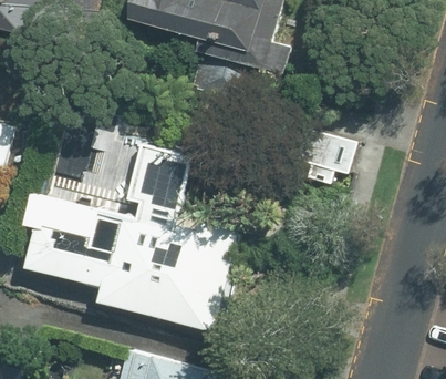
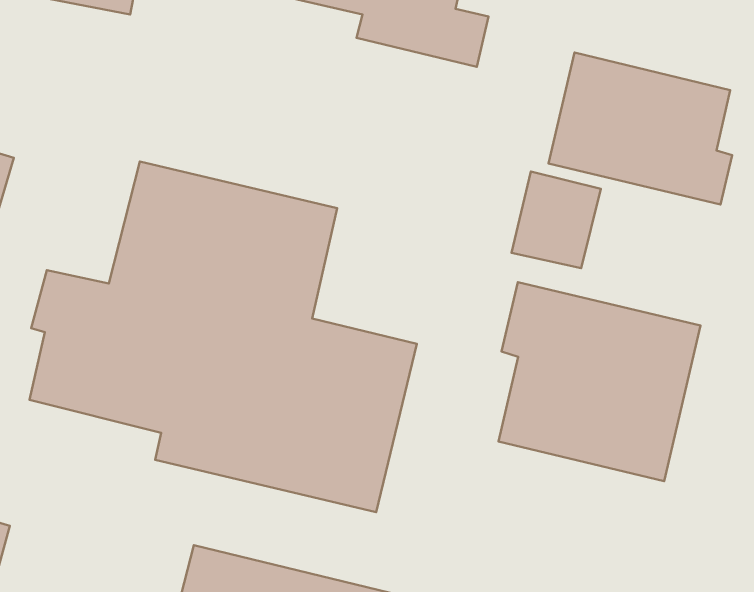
building: none -> [549,53,732,204]
building: none -> [499,282,701,481]

